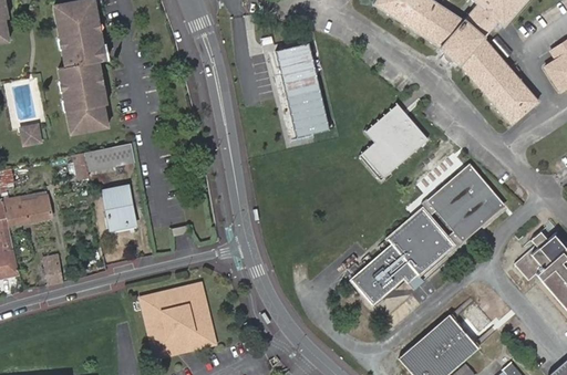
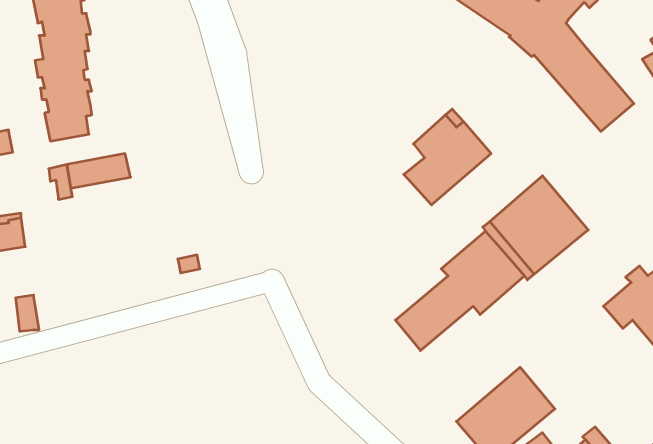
building: [276,41,331,137] -> none
building: [105,186,136,228] -> none
building: [144,288,210,354] -> none

